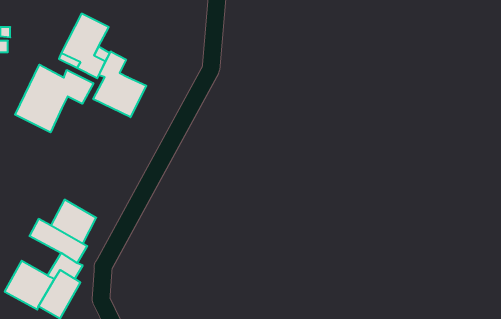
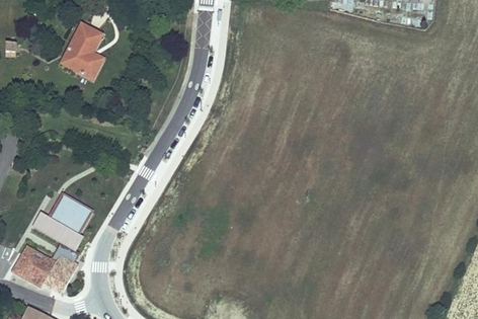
building: [93,51,146,117] -> none
building: [15,65,93,132] -> none

